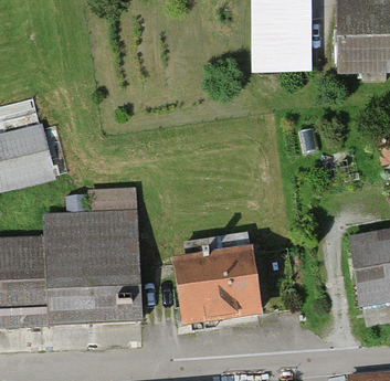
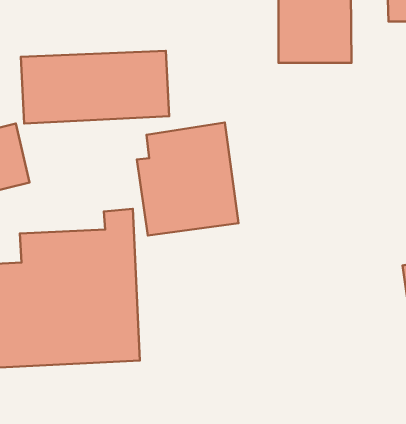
building: none -> [21,51,169,124]
building: [178,230,260,320] -> [137,122,239,235]

